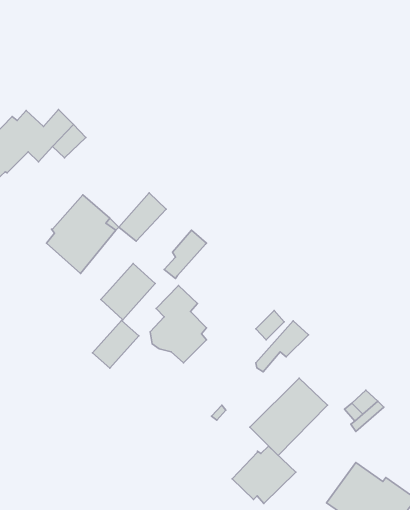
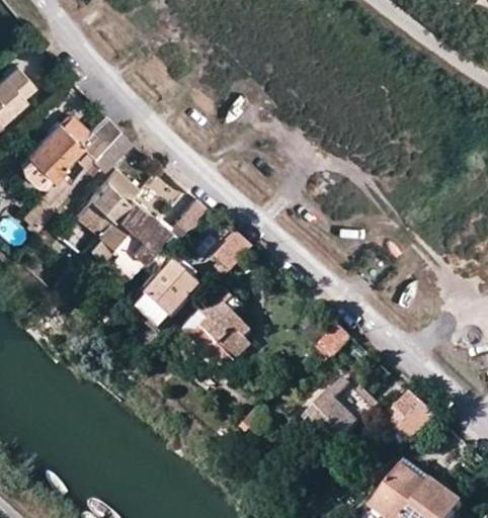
building: none -> [75,166,137,232]
building: [92,320,139,368] -> none
building: [232,446,296,504] -> none

